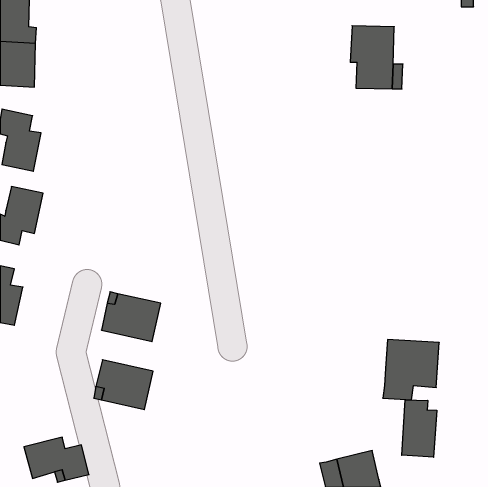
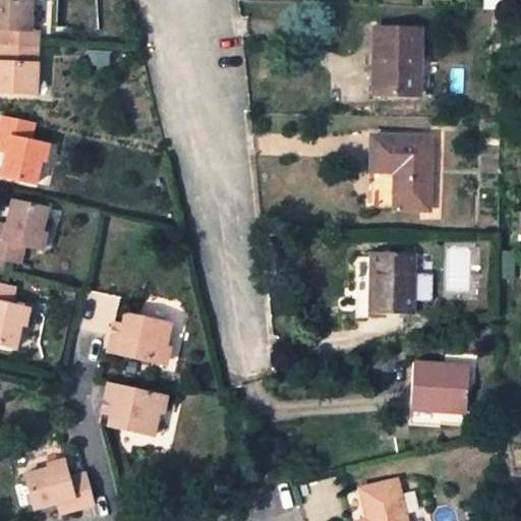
building: none -> [371,134,429,209]
building: none -> [355,250,415,317]
building: [402,400,437,457] -> none

